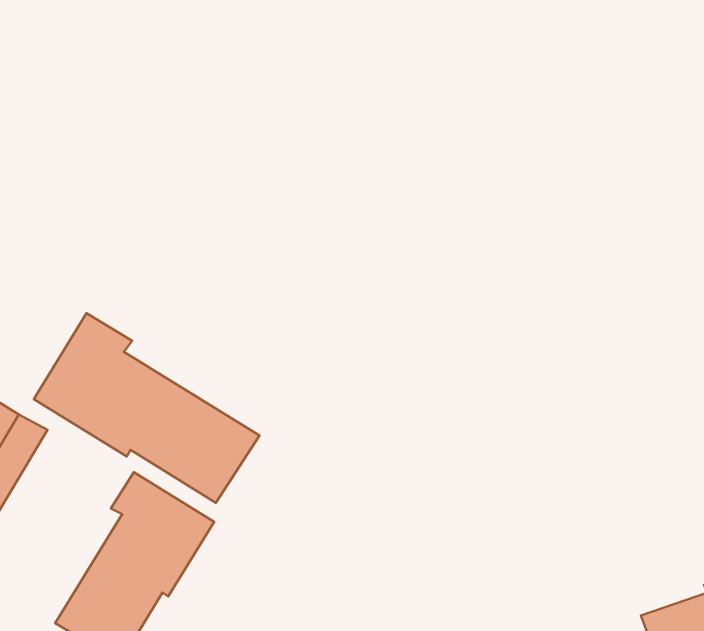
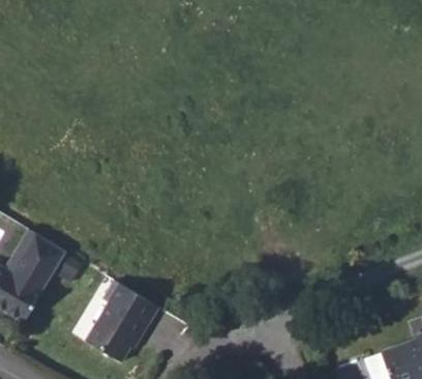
building: [34,313,259,503] -> none

